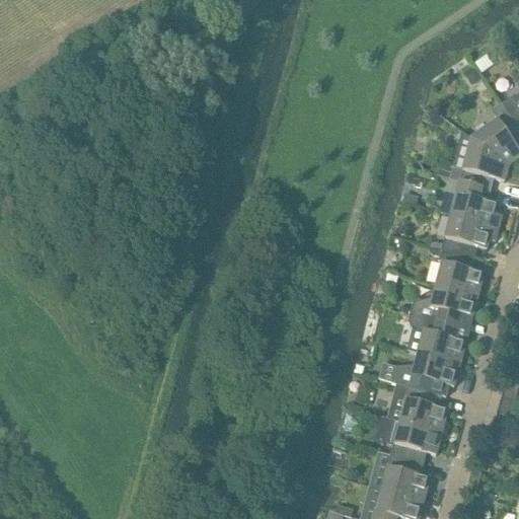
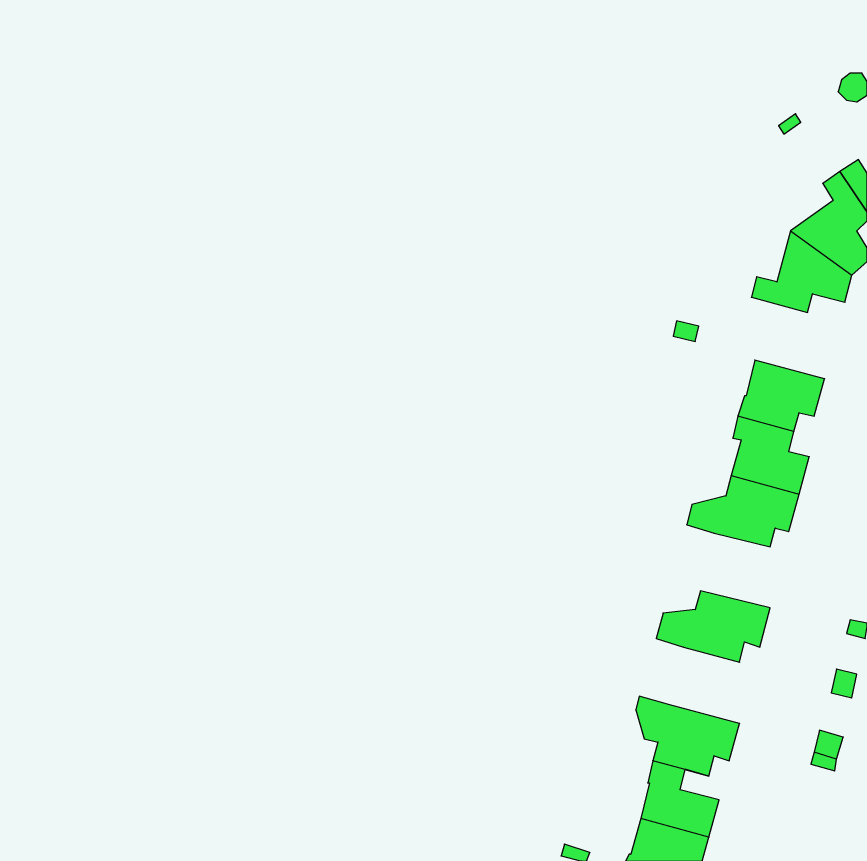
building: [445,177,498,226] -> none
building: [405,313,465,363] -> none
building: [399,386,447,432] -> none

